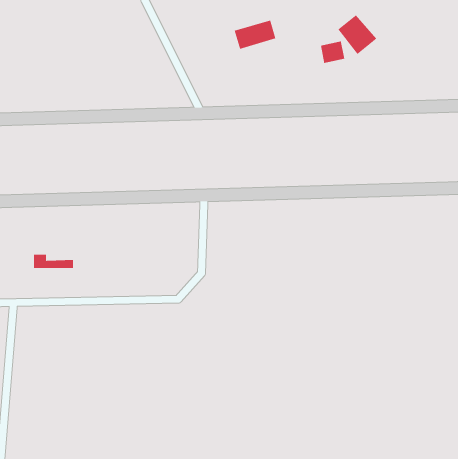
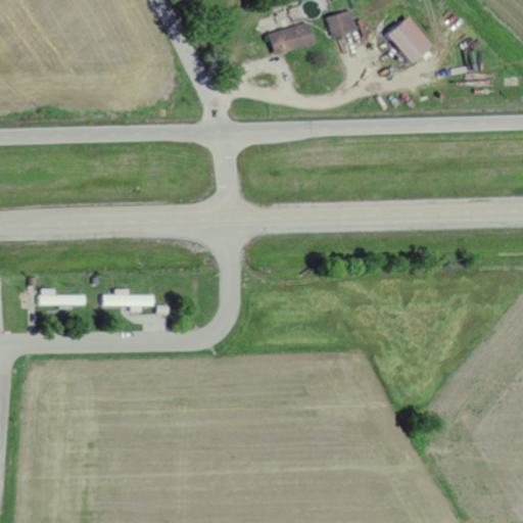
building: [320,41,345,63] -> [329,10,358,36]
building: none -> [101,289,153,312]

